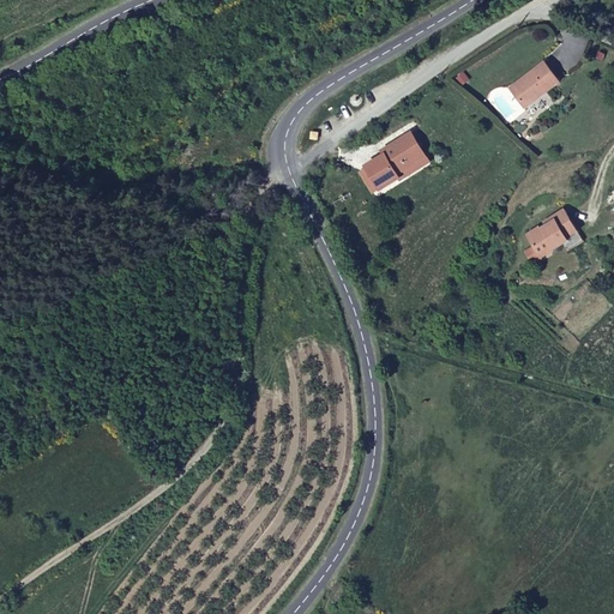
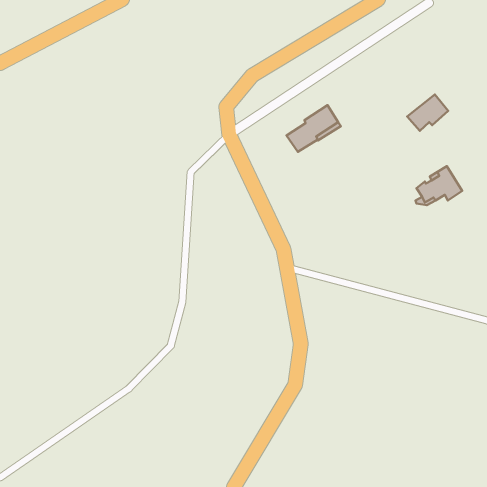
building: [506,59,558,104] -> [407,95,448,131]

